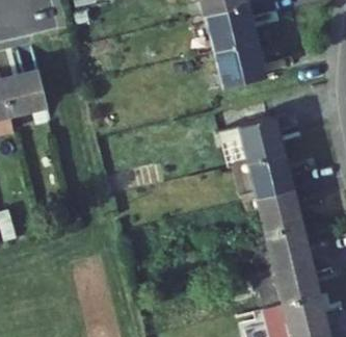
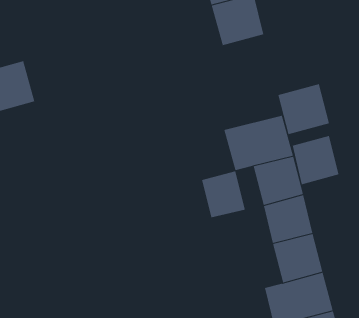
building: [219,45,267,92] -> [278,84,330,135]
building: none -> [292,135,339,185]
building: none -> [202,171,246,218]

